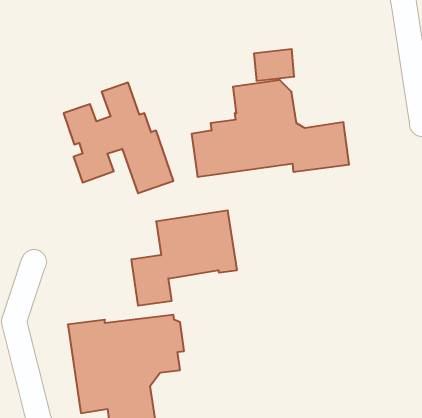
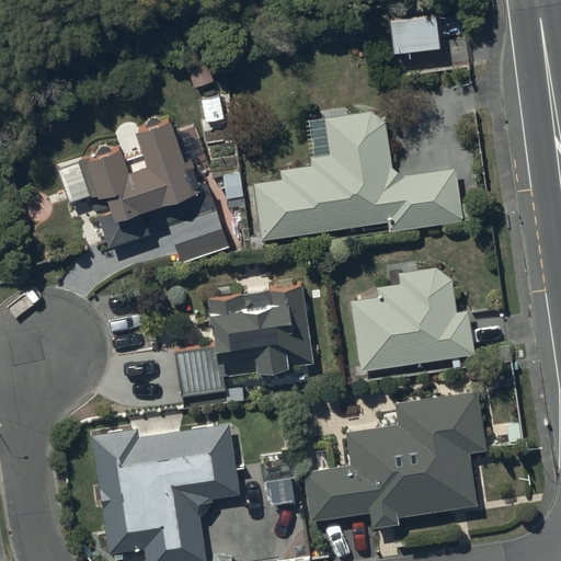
building: [254,49,294,81] -> [388,12,442,54]
building: none -> [350,268,473,373]
building: none -> [304,392,484,526]

